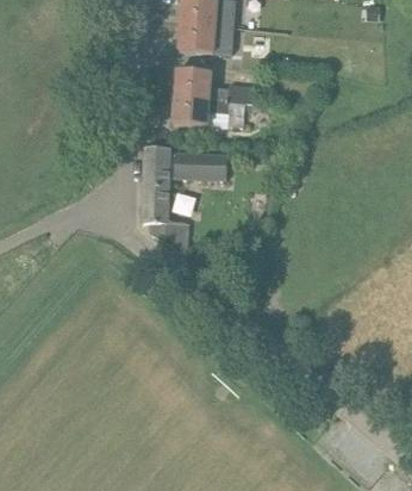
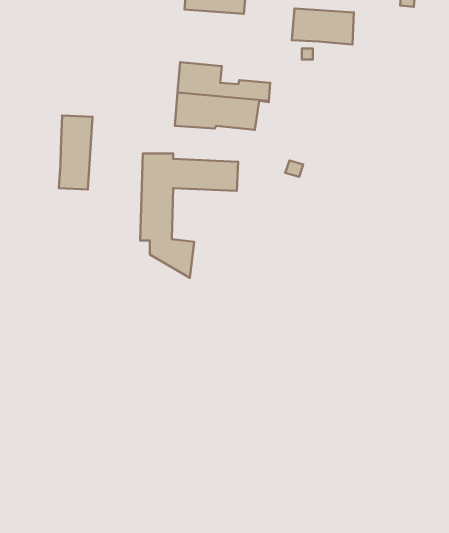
building: [177,24,231,55] -> [292,8,354,44]
building: none -> [59,115,92,189]

